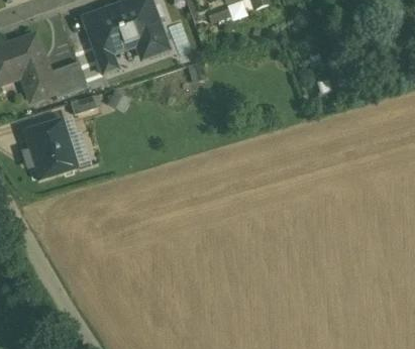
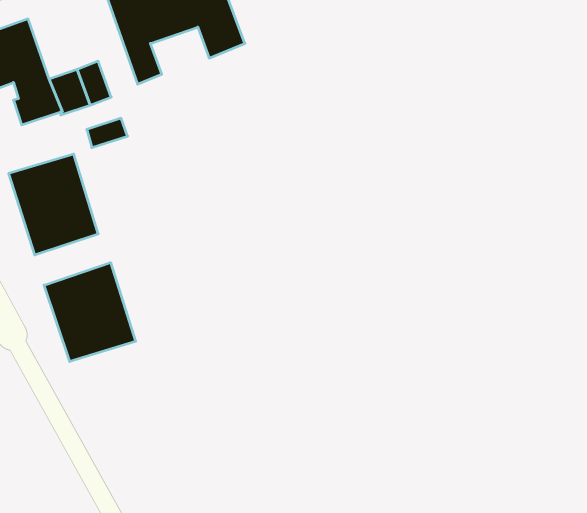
building: none -> [44,263,136,362]

